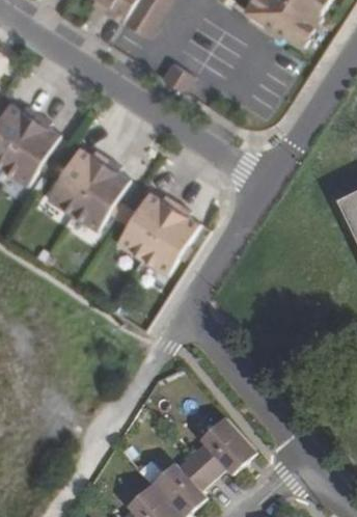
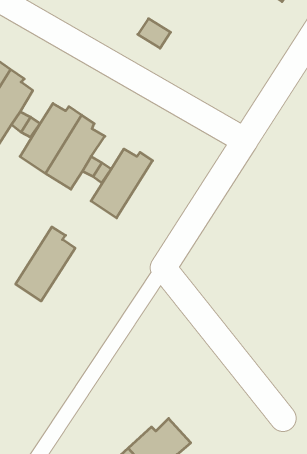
building: [140,201,198,274] -> [16,227,75,301]
building: [191,416,255,478] -> none

